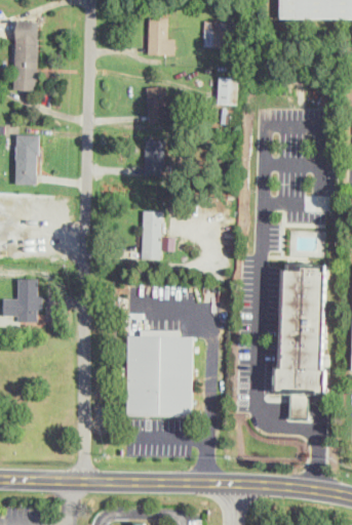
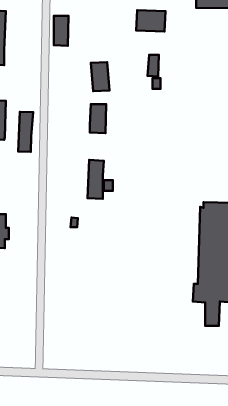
building: [148,17,166,55] -> [54,16,68,46]
building: none -> [18,112,33,152]
building: [126,330,192,415] -> none

